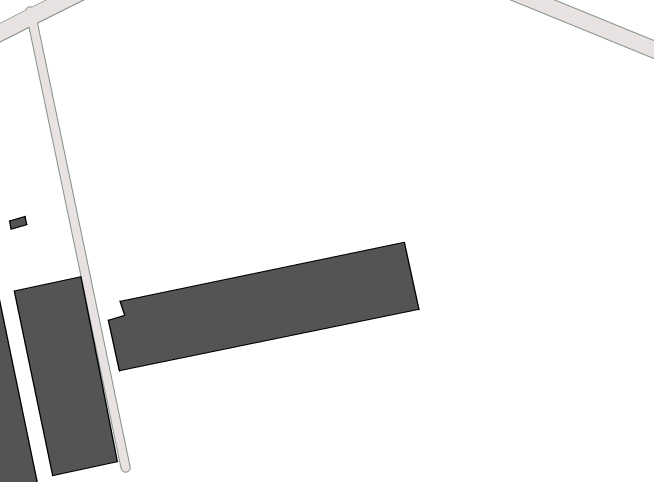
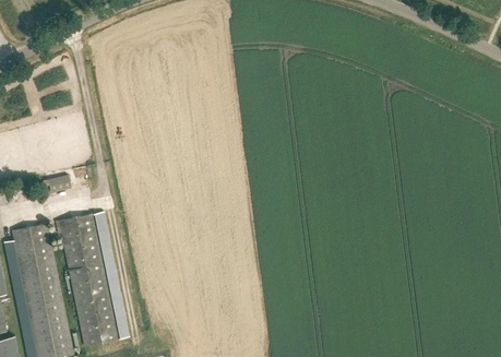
building: [108,242,419,371] -> none

